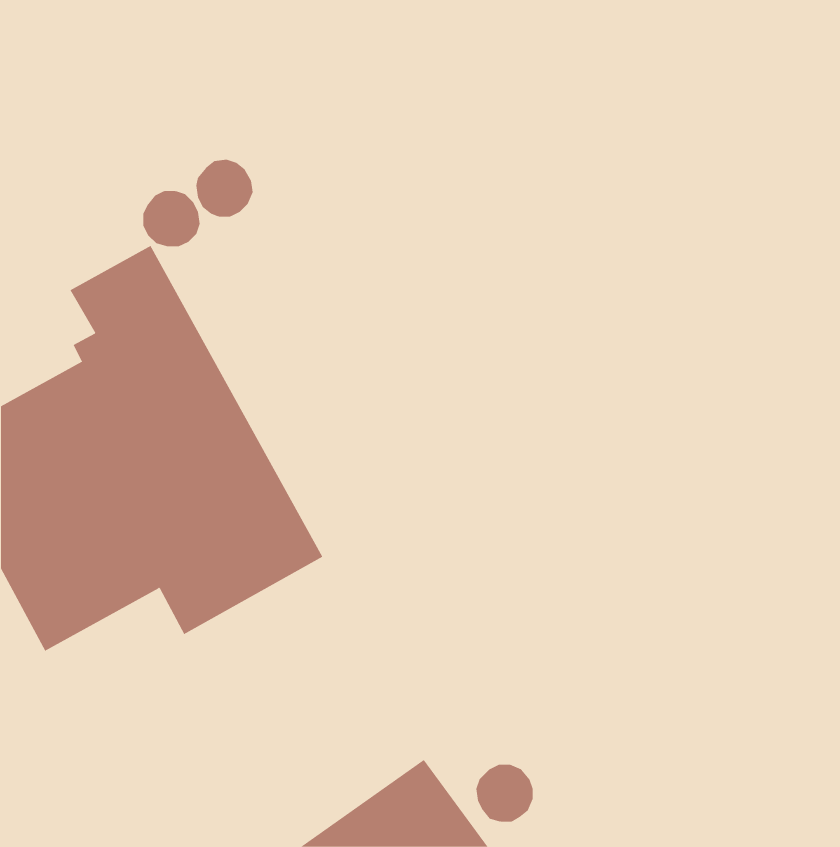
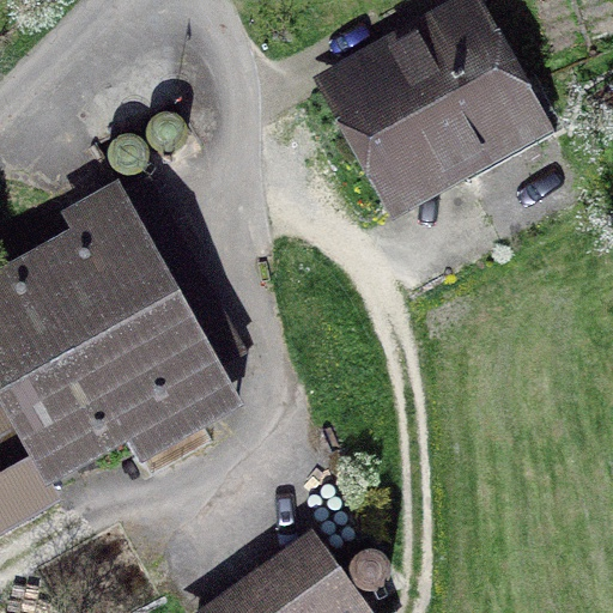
building: none -> [335,12,520,182]

